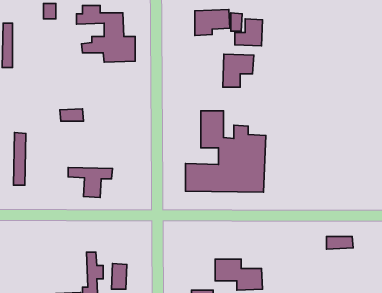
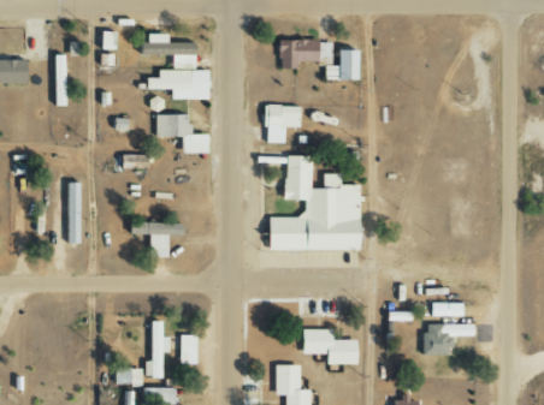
building: [223,54,254,87] -> [265,103,301,142]
building: none -> [156,113,208,153]
building: none -> [425,322,473,355]

